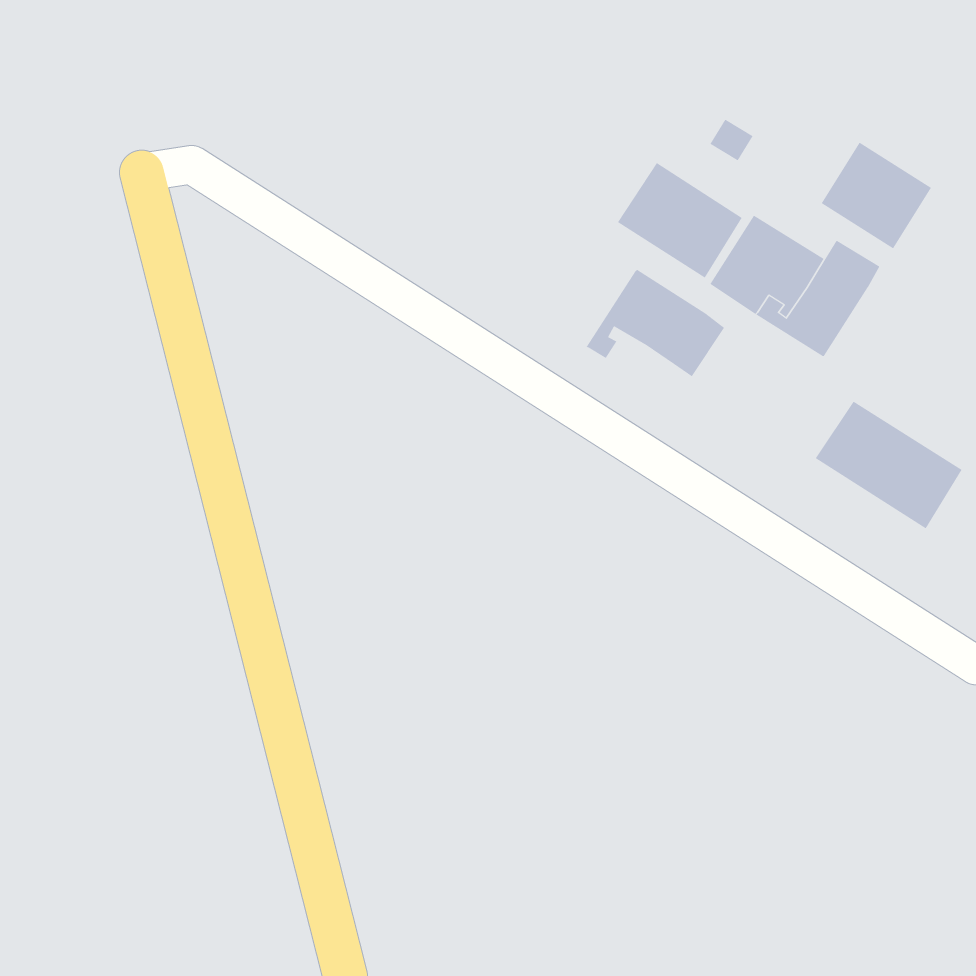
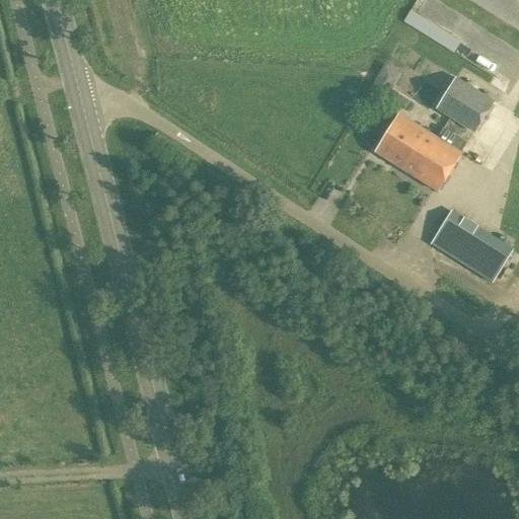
building: [617,162,742,278] -> none
building: [586,269,725,377] -> none

